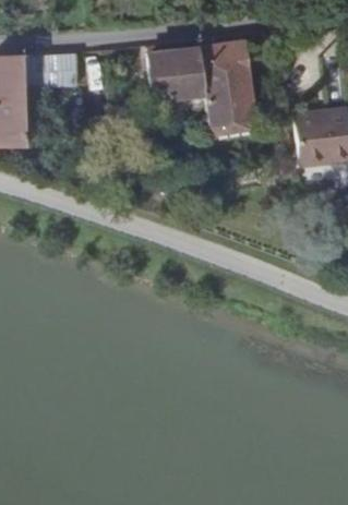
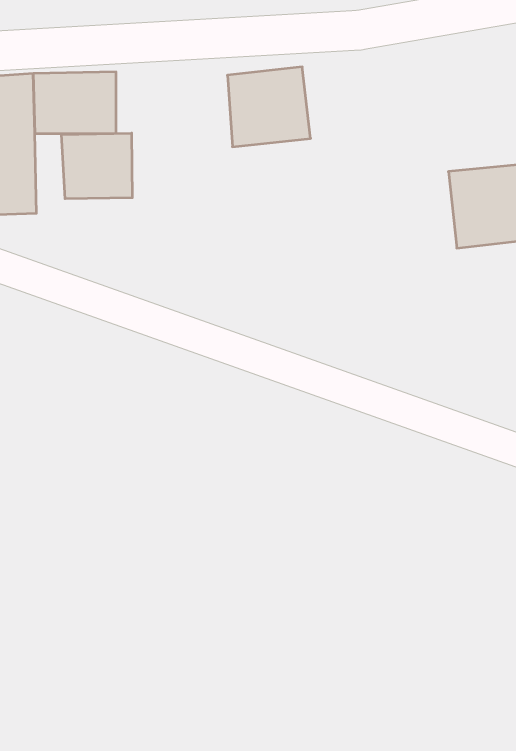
building: [200,44,252,132] -> none
building: none -> [62,133,132,199]

